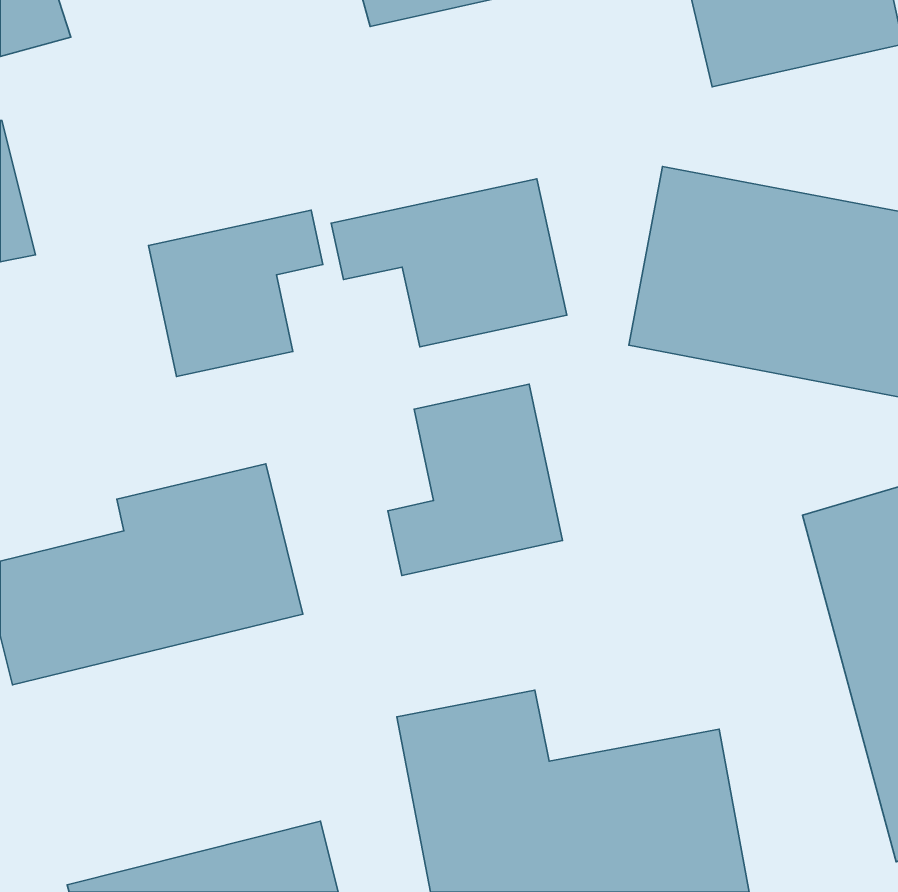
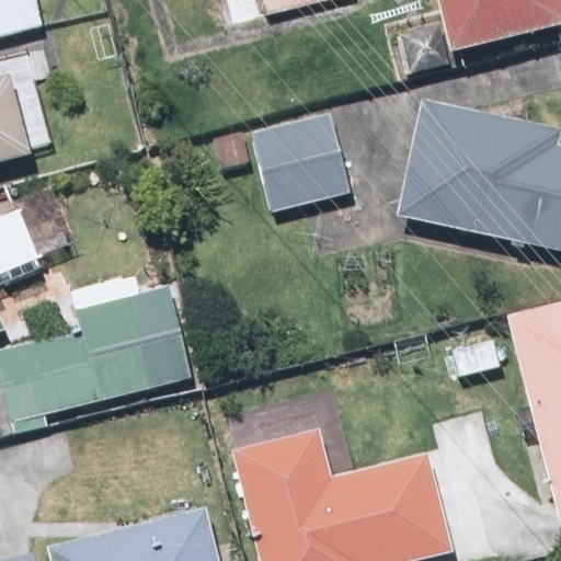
building: [149,210,323,377] -> none
building: [388,384,563,576] -> none

